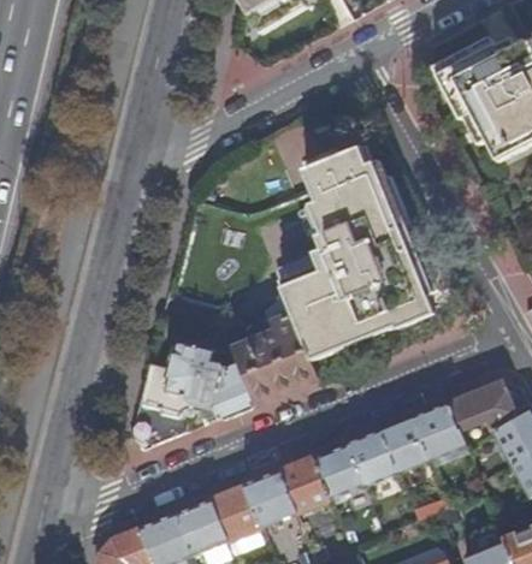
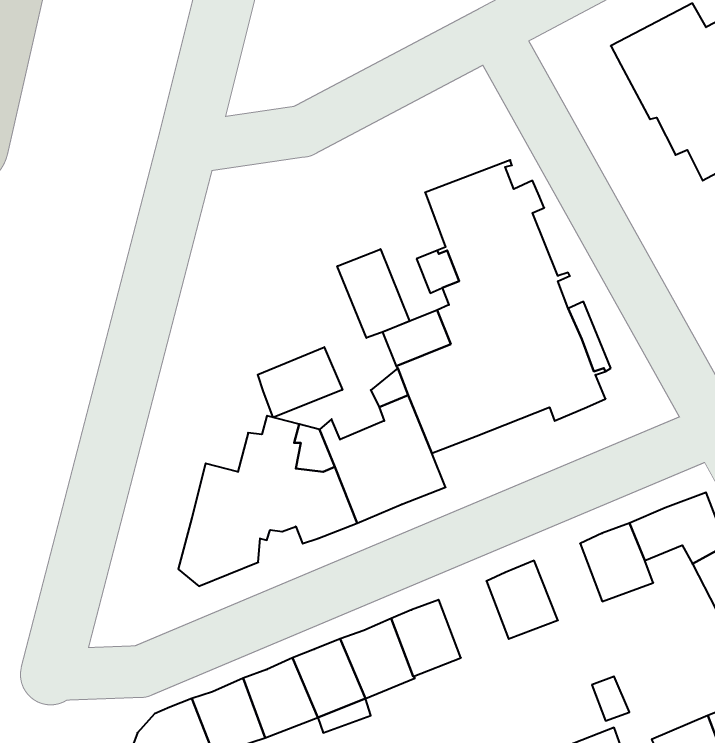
building: none -> [337,249,410,338]
building: none -> [258,347,342,417]
building: [382,416,430,470] -> none
building: [314,443,363,497] -> none

